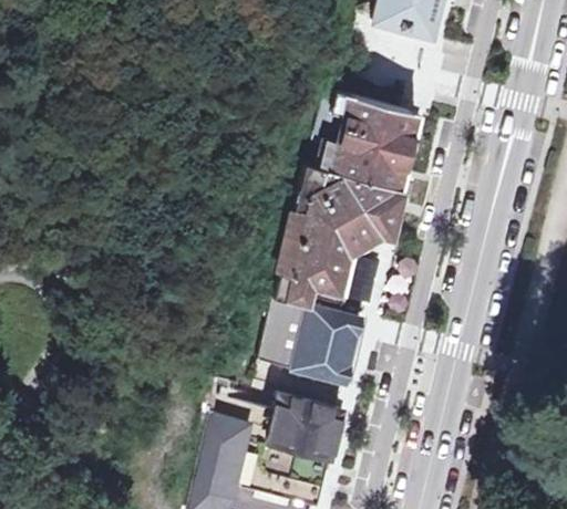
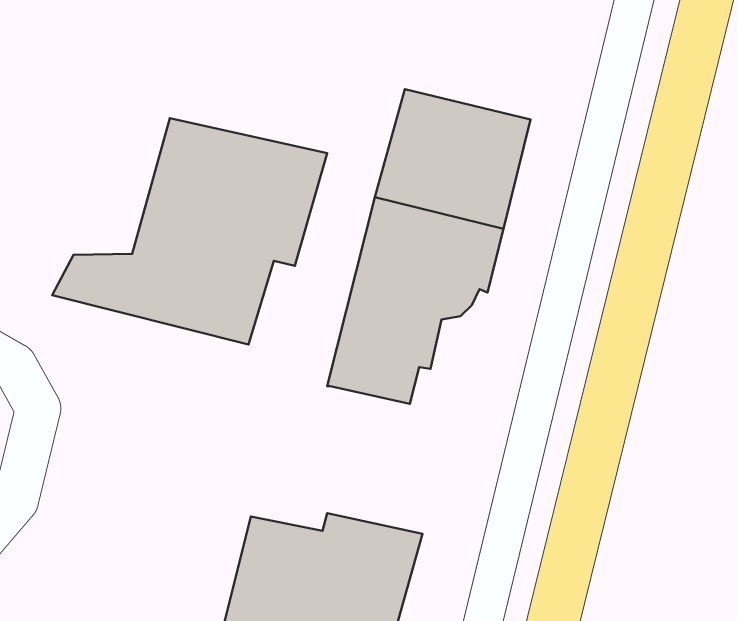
building: none -> [52,118,327,345]
building: [264,302,365,384] -> none

